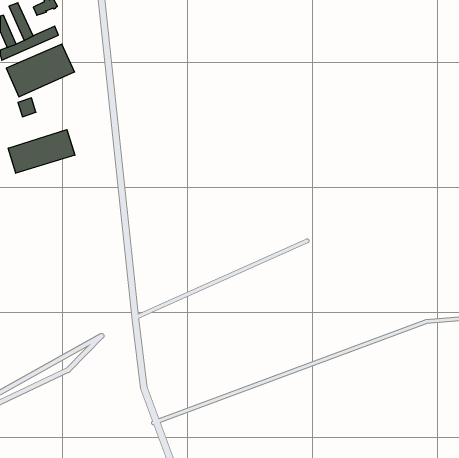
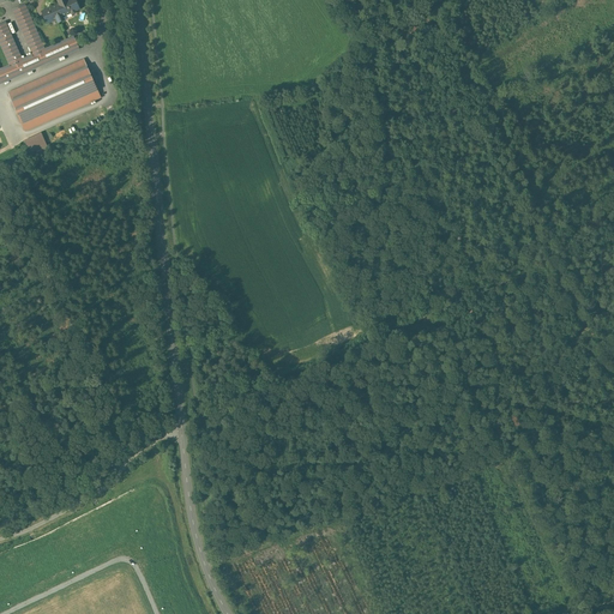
building: [8,130,75,173] -> none

